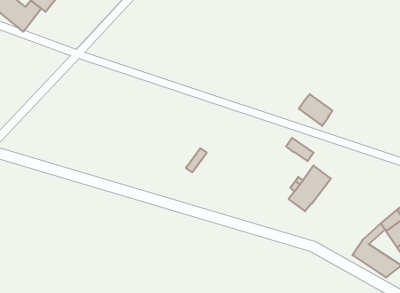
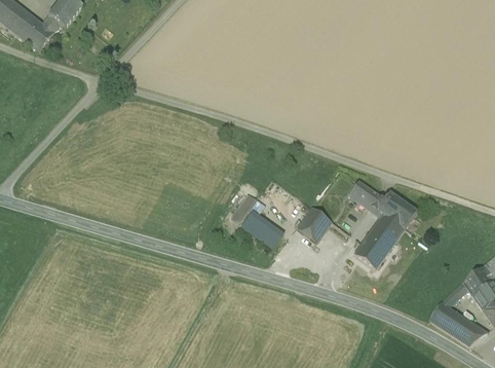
building: [299,94,332,126] -> [377,190,417,228]
building: none -> [298,205,333,241]
building: none -> [242,209,284,247]

